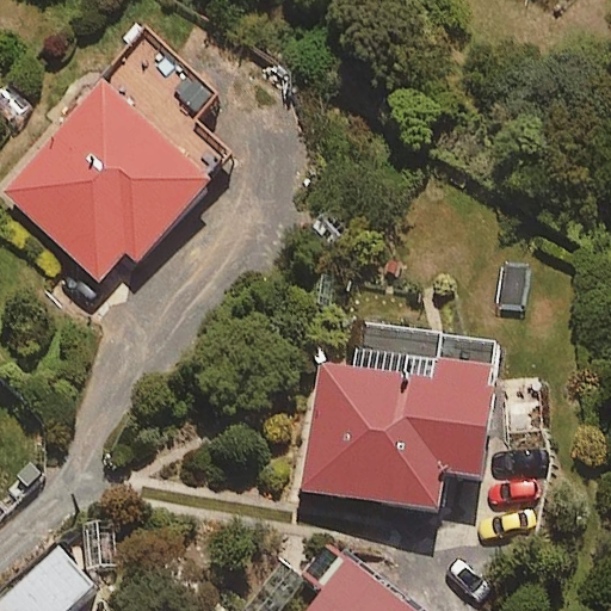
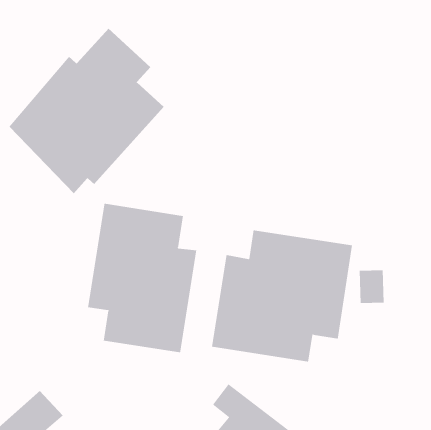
building: none -> [88,203,197,353]

